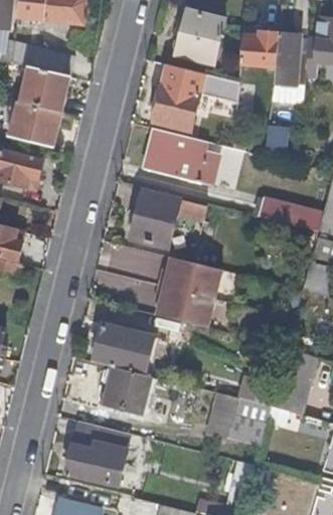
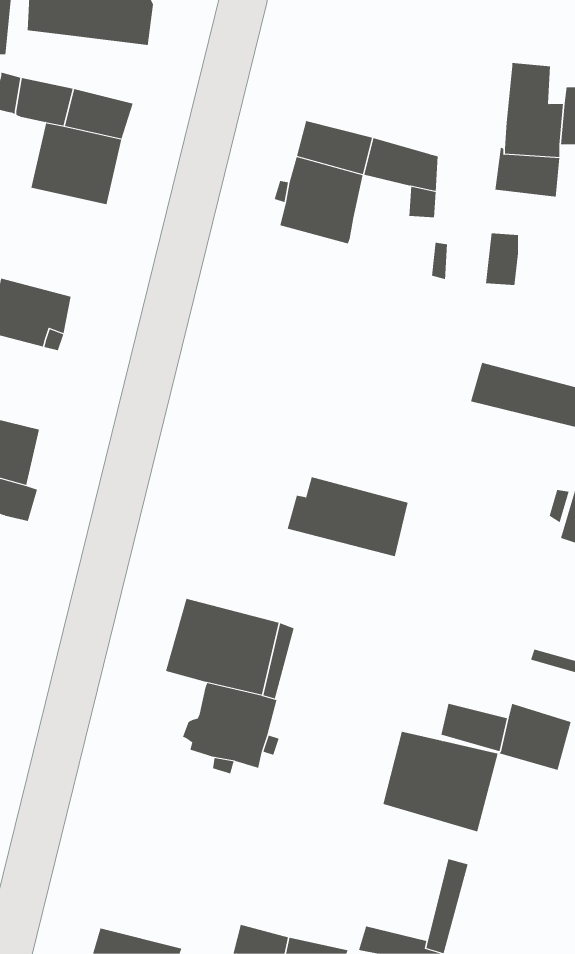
building: [173,9,224,64] -> none
building: [239,31,277,66] -> none
building: [6,101,59,147] -> none
building: [145,129,218,182] -> none
building: [130,190,206,249] -> none
building: [153,285,214,328] -> none
building: [63,420,129,486] -> none

